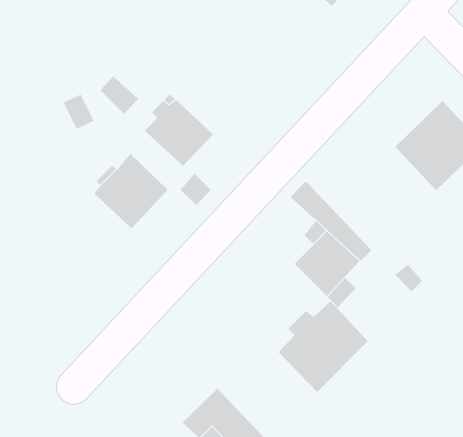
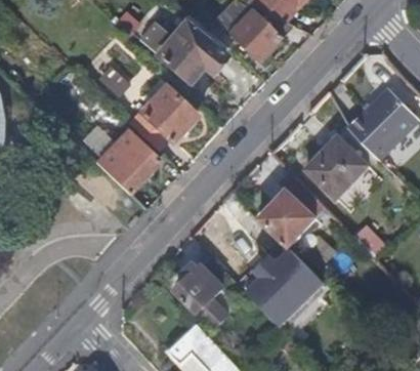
building: none -> [228,8,294,61]
building: none -> [138,17,223,79]
building: none -> [306,138,371,202]
building: none -> [176,263,244,315]

